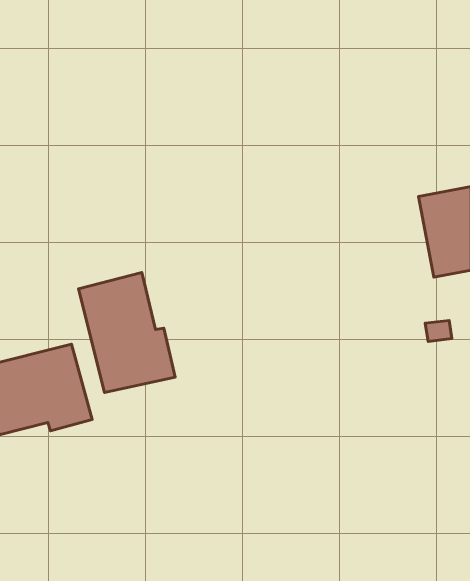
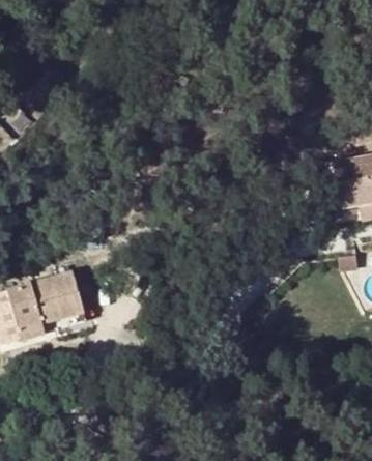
building: [78,273,175,392] -> none

